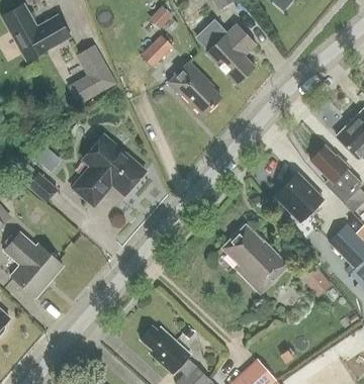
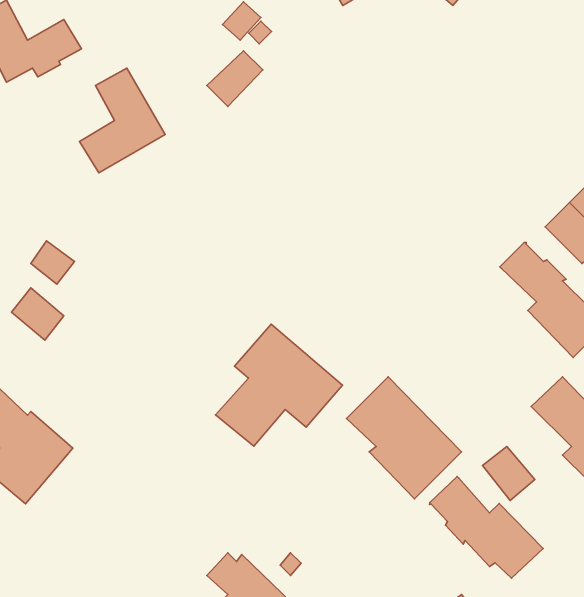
building: [197,21,256,83] -> none
building: [168,62,220,114] -> none
building: [72,134,146,205] -> [215,324,343,446]
building: [275,173,324,221] -> none
building: none -> [430,477,543,578]

